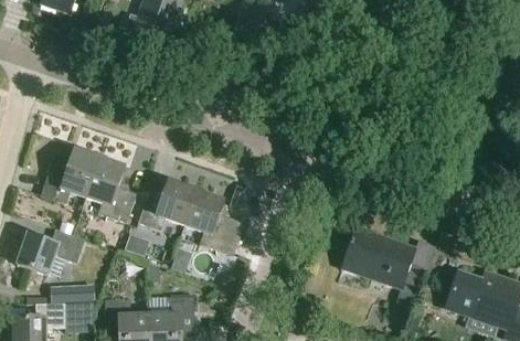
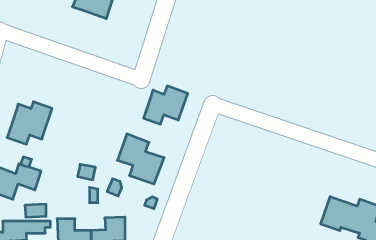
building: [85,158,134,223] -> none
building: [138,181,195,231] -> [144,86,188,124]
building: [341,227,424,306] -> none

